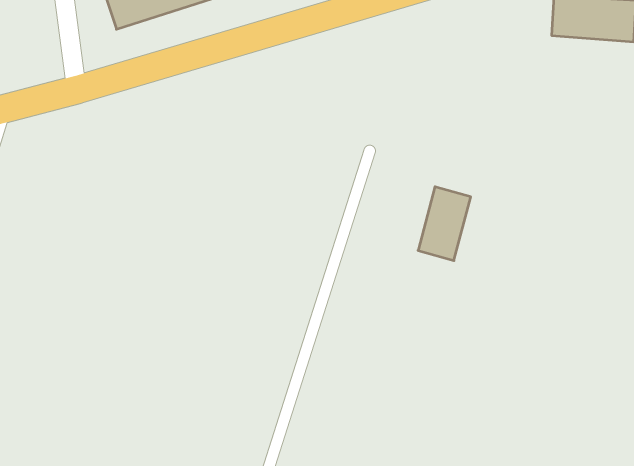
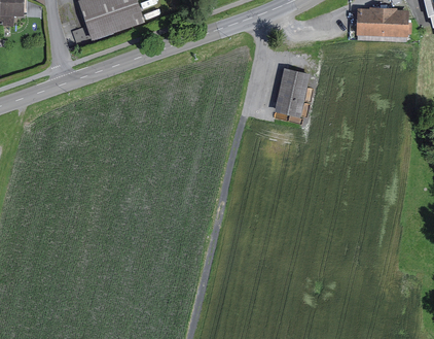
building: [418,187,471,261] -> [276,69,306,114]

